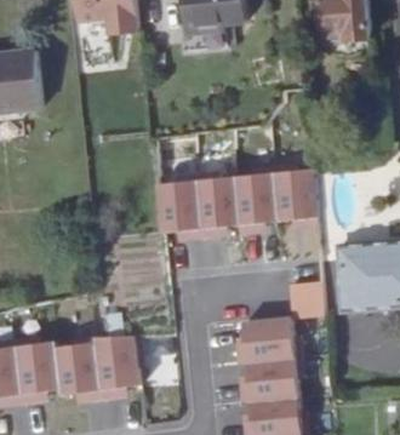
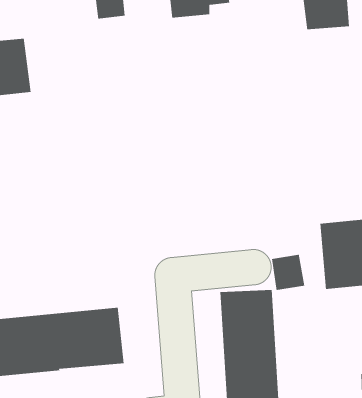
building: [152,168,316,233] -> none

